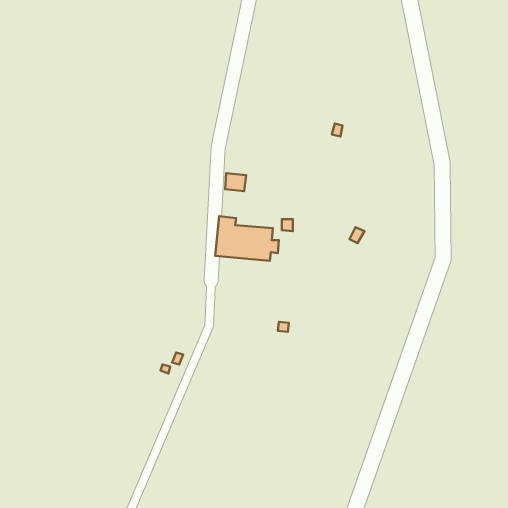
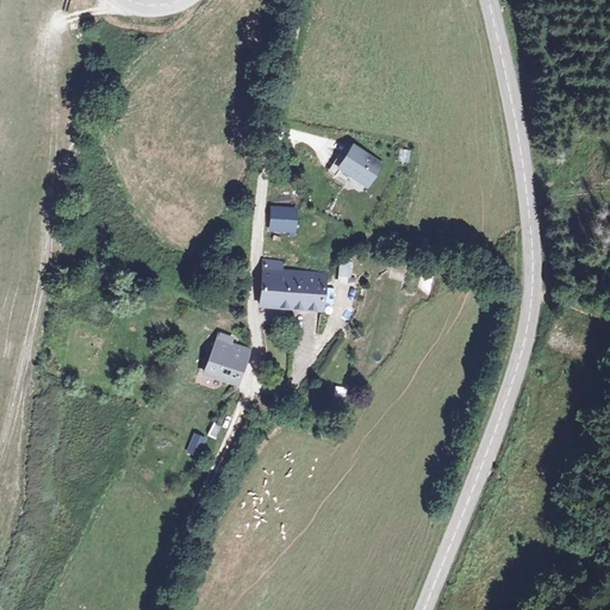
building: none -> [341,145,381,183]
building: none -> [205,330,247,385]

